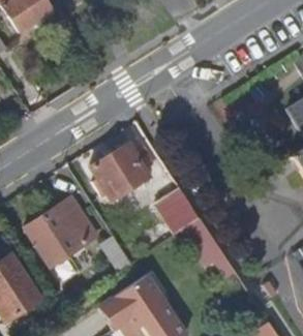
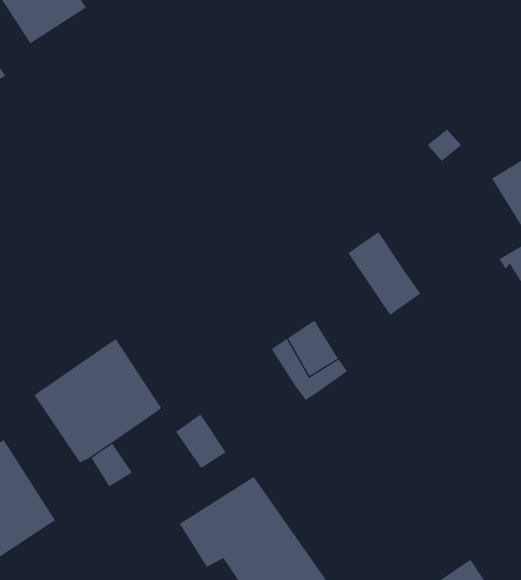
building: [93,143,150,200] -> none
building: [182,216,223,264] -> [348,231,421,316]

